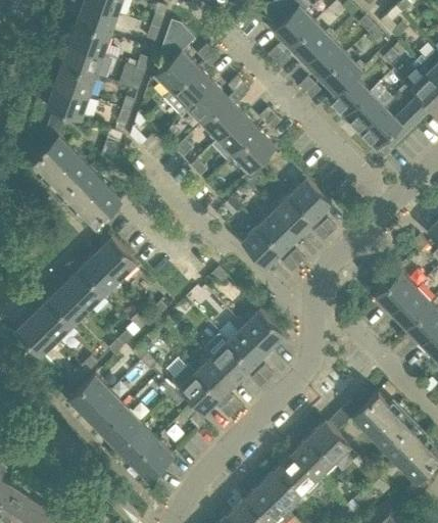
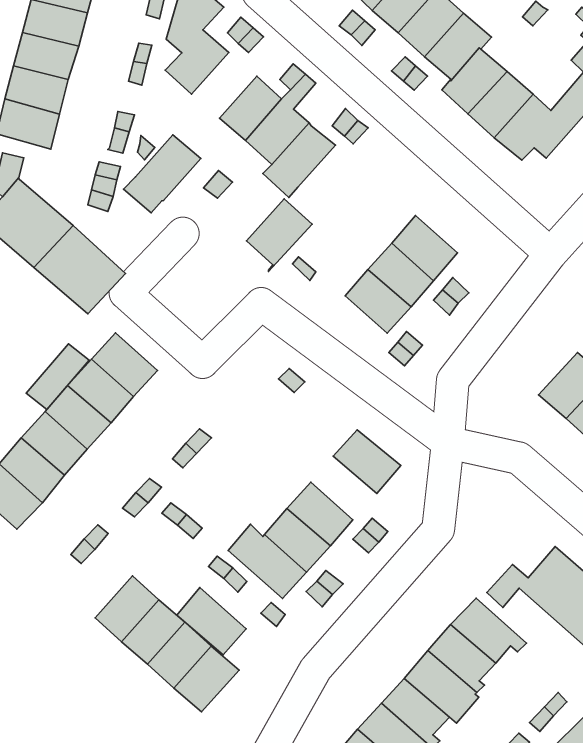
building: [163,67,213,115] -> [123,135,201,213]
building: [234,131,276,176] -> [247,199,312,272]
building: [242,226,283,268] -> none
building: none -> [26,344,89,410]
building: [228,326,269,367] -> none
building: [69,375,111,416] -> none
building: none -> [177,587,246,655]

